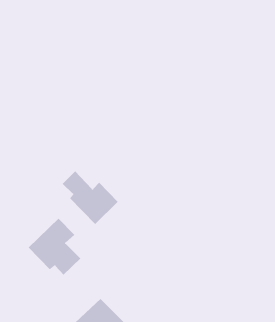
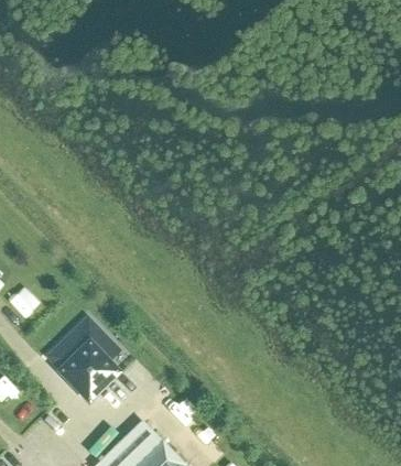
building: [62,171,118,225] -> none

